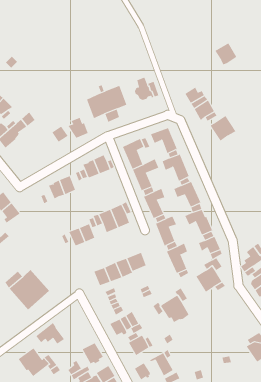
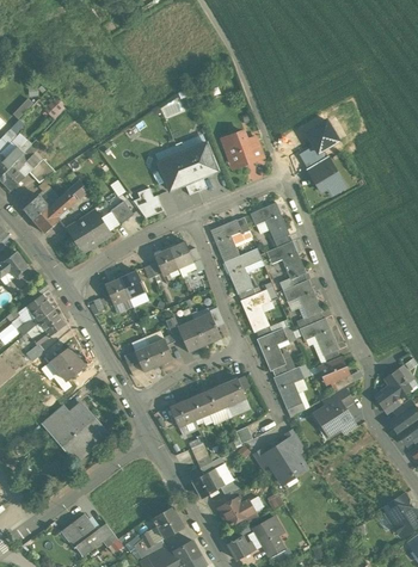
building: [215,43,237,65] -> [305,119,337,152]
building: [210,115,236,141] -> none
building: none -> [69,212,106,248]
building: none -> [50,345,84,380]
building: [36,322,65,344] -> none

